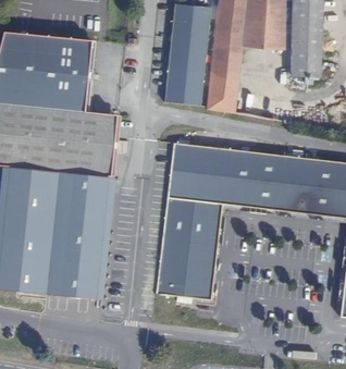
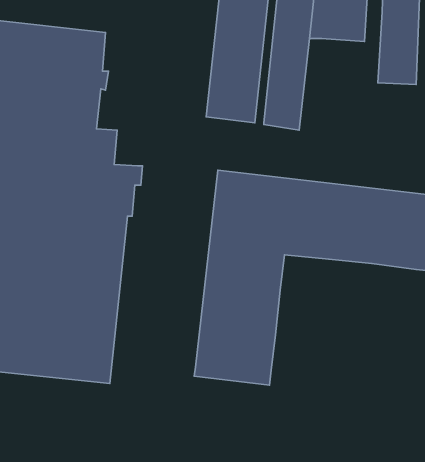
building: [97,112,116,138] -> none

